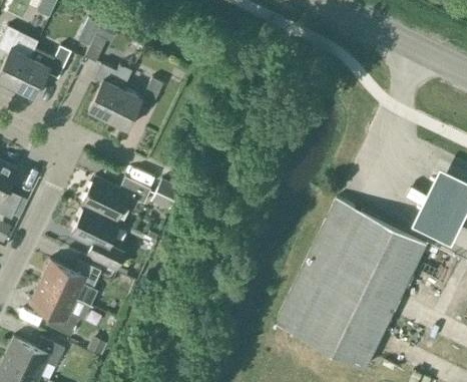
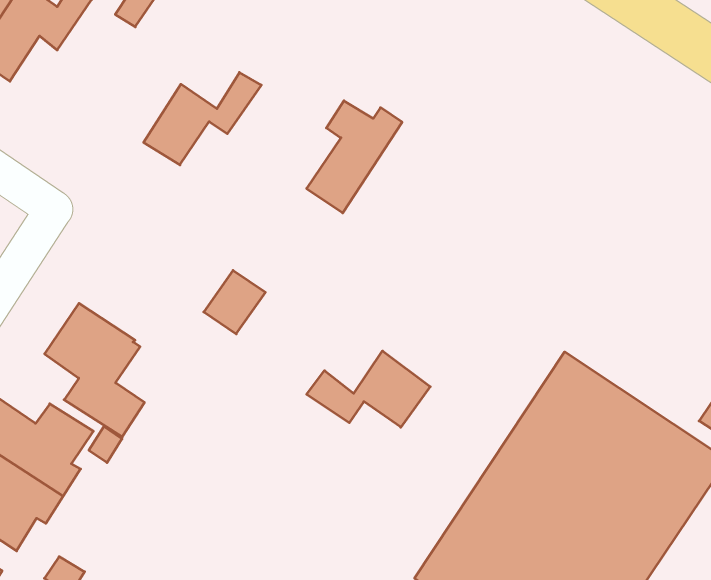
building: [88,64,132,121] -> [307,101,402,213]
building: [82,178,151,223] -> none
building: none -> [307,351,430,427]

